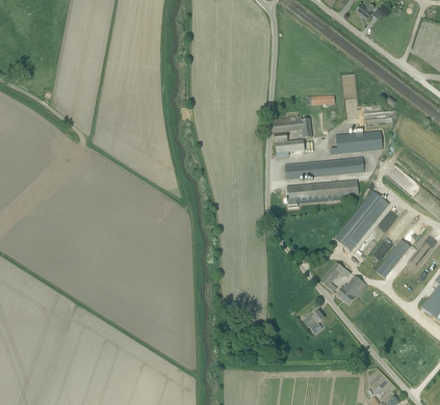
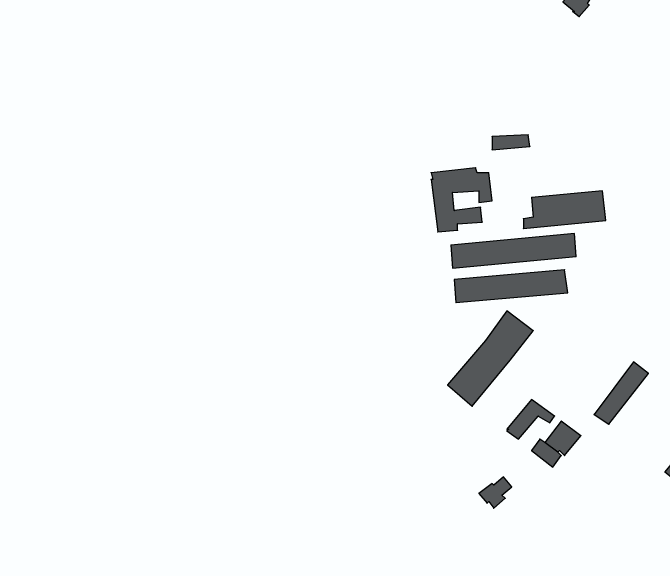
building: [335,190,389,250] -> [448,311,533,406]

